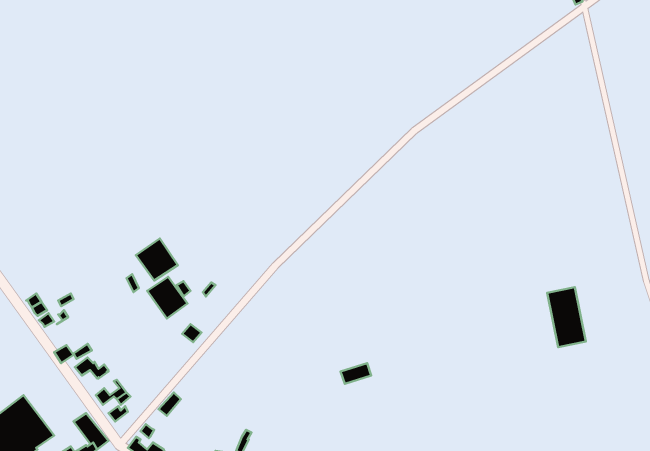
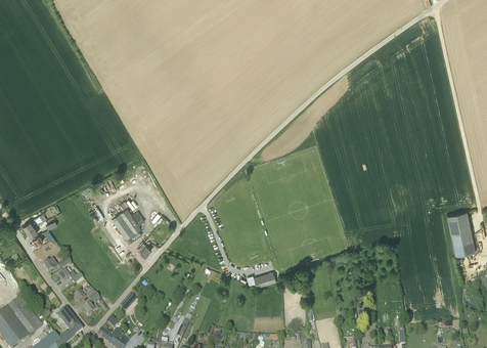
building: [136,239,178,281] -> none
building: [547,287,586,347] -> [446,210,475,254]

